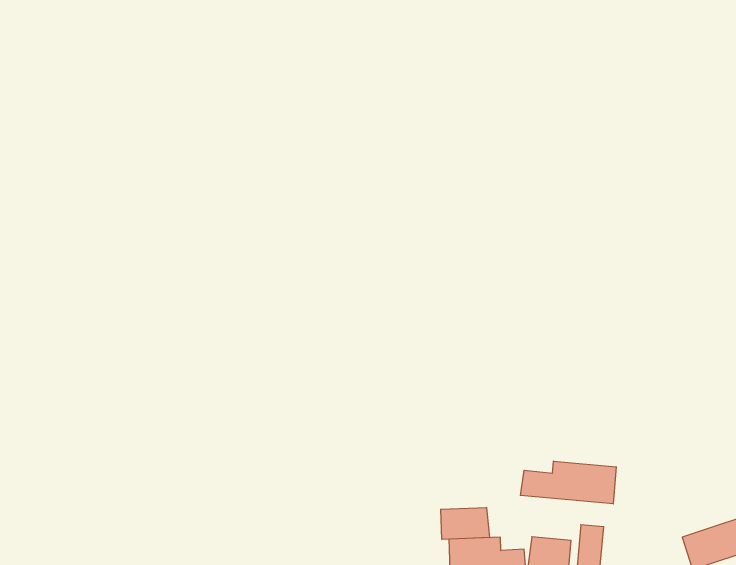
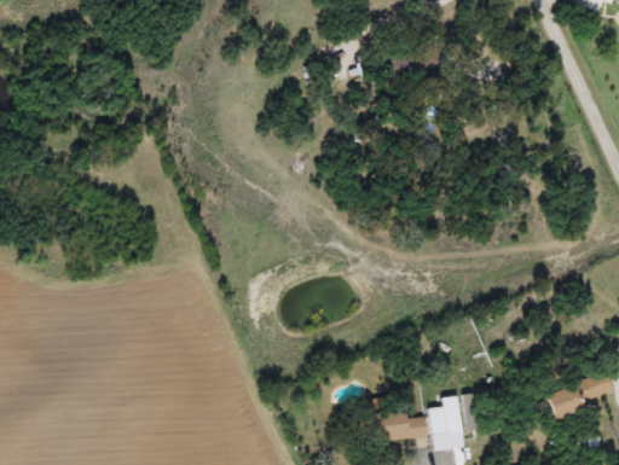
building: [520,461,616,504] -> none
building: [441,507,490,539] -> none

